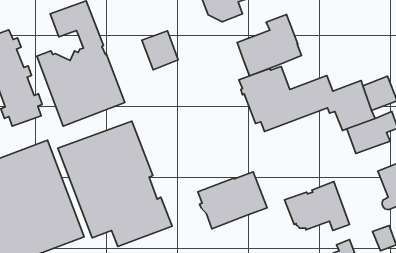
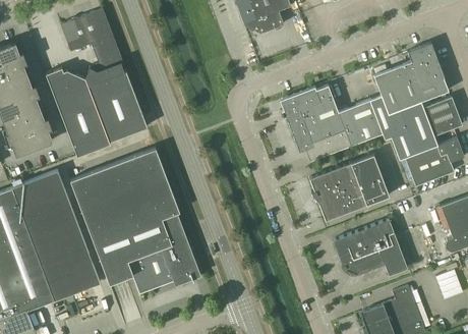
building: [237,14,301,76] -> [373,43,448,114]
building: [142,31,178,70] -> none
building: [198,172,267,229] -> [308,155,389,221]

